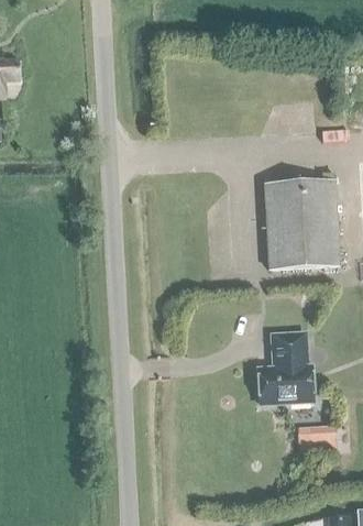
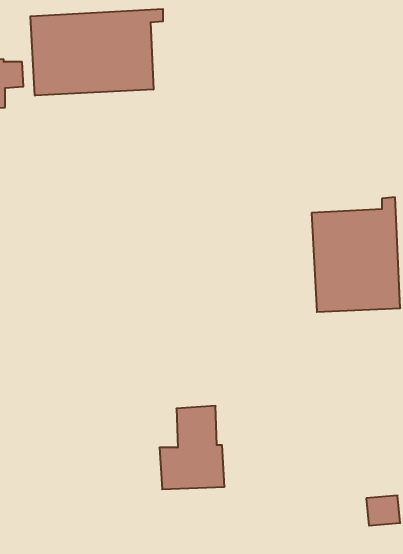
building: none -> [30,9,163,96]
building: [257,333,312,404] -> [159,406,225,489]

